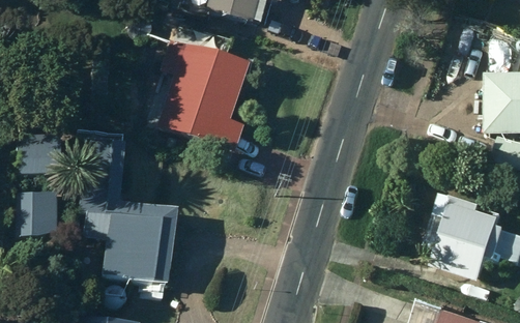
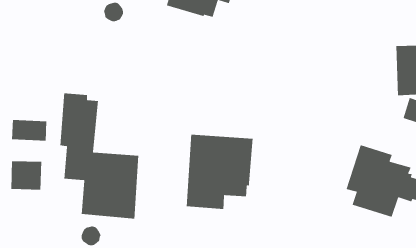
building: [160,42,250,151] -> none
building: none -> [186,134,253,210]

